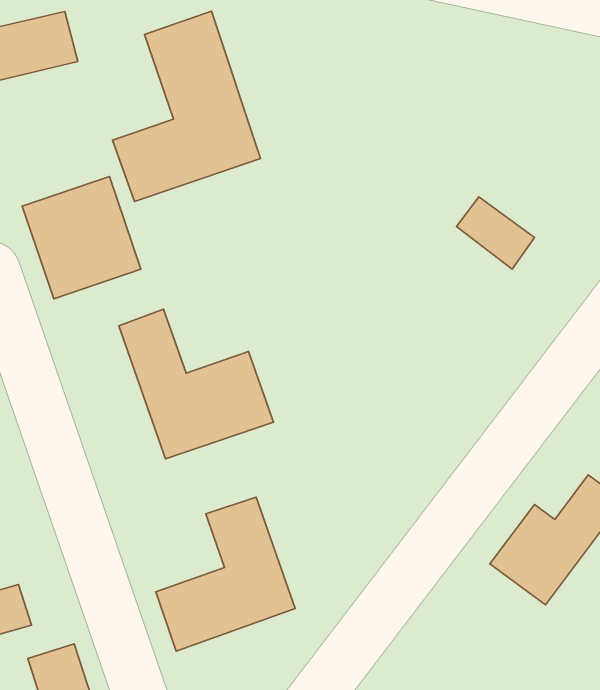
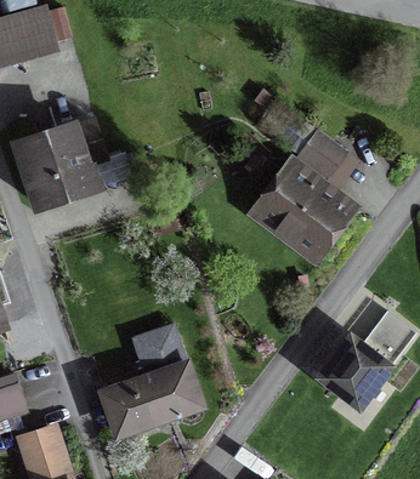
building: [113,11,261,201] -> none
building: none -> [254,170,350,260]
building: [119,309,274,459] -> none

